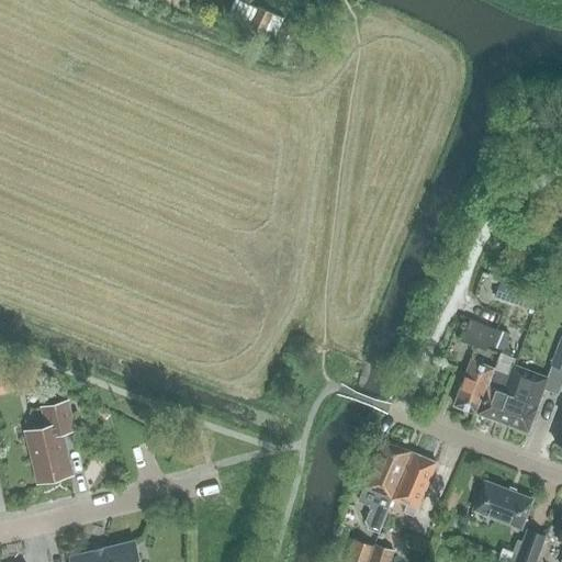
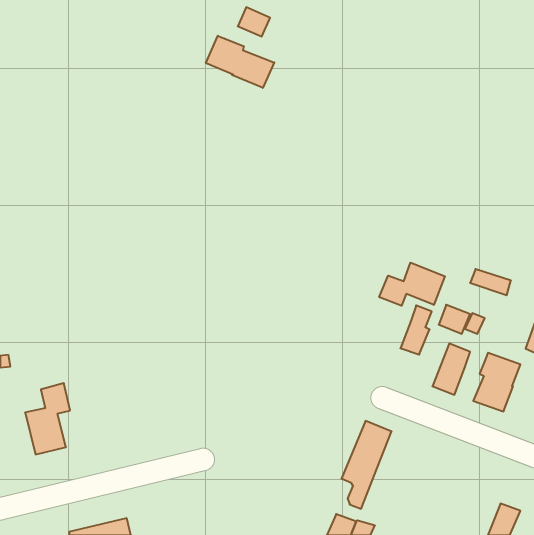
building: none -> [206,36,274,88]
building: none -> [379,263,445,306]
building: [477,369,510,420] -> [400,305,432,355]
building: [393,452,437,517] -> none
building: [474,481,533,529] -> none

